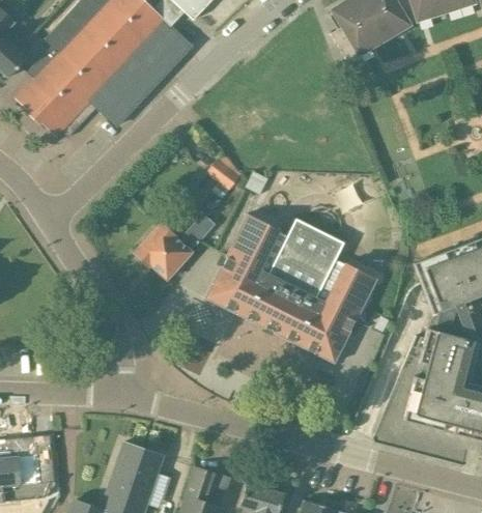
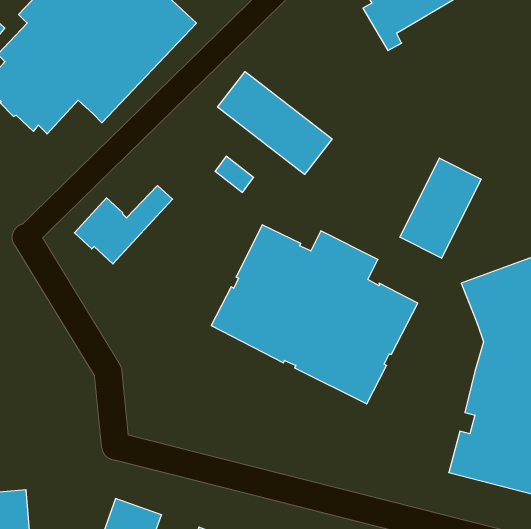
building: none -> [218,72,332,174]
building: none -> [400,158,481,258]
building: [136,212,218,278] -> [74,186,173,264]

